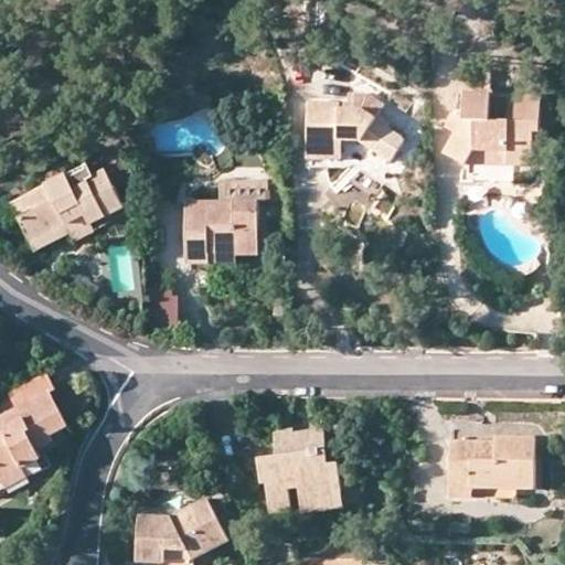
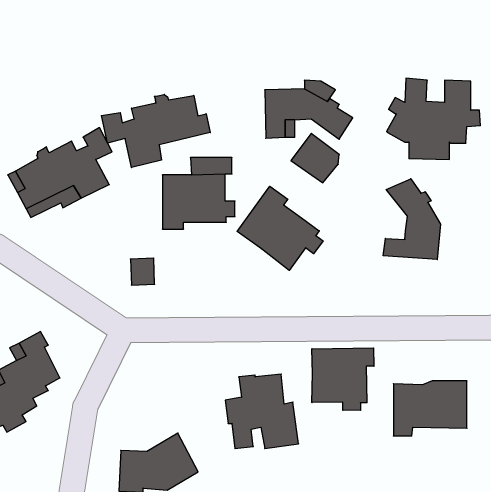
building: none -> [101,94,210,168]
building: none -> [383,179,440,260]
building: none -> [237,186,323,270]
building: none -> [312,348,374,410]

